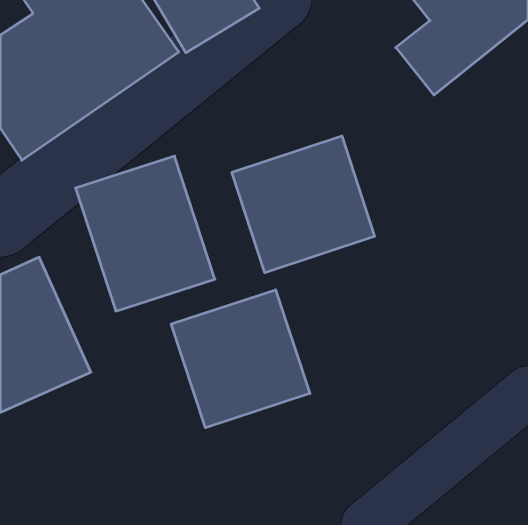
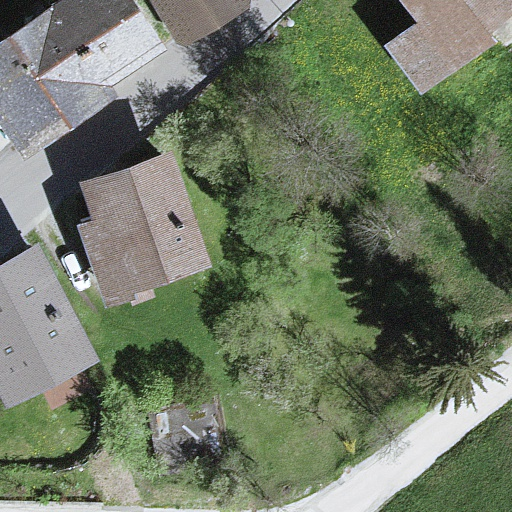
building: [232,136,375,273] -> none
building: [171,290,310,428] -> none

